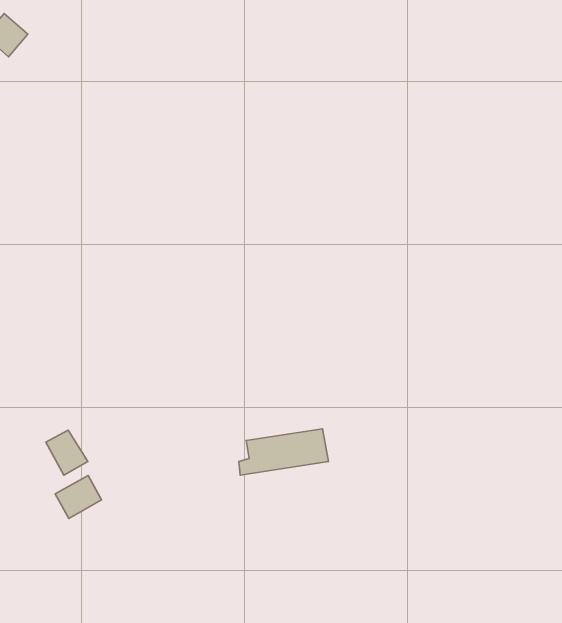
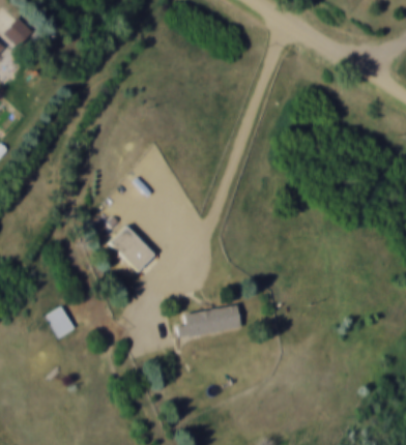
building: none -> [109,227,154,272]
building: [55,475,102,518] -> none

